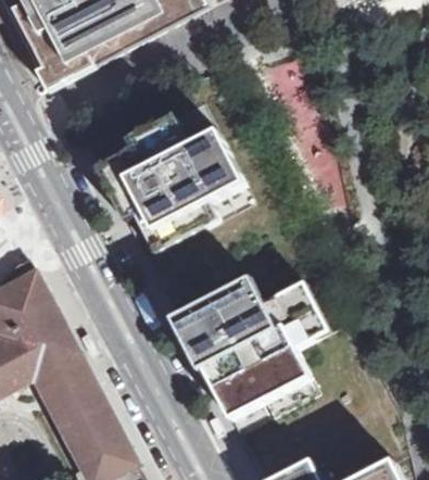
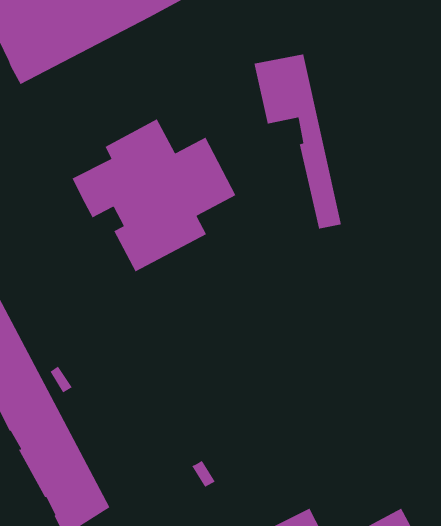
building: [179,288,321,419] -> none

